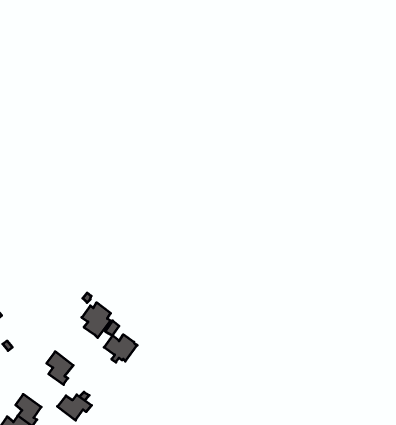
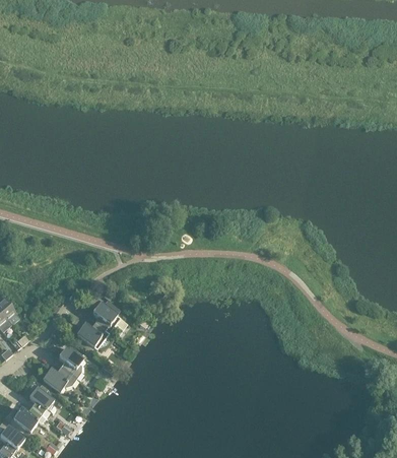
building: [104,335,137,362] -> [75,322,107,348]
building: [57,395,92,420] -> [42,367,74,391]

